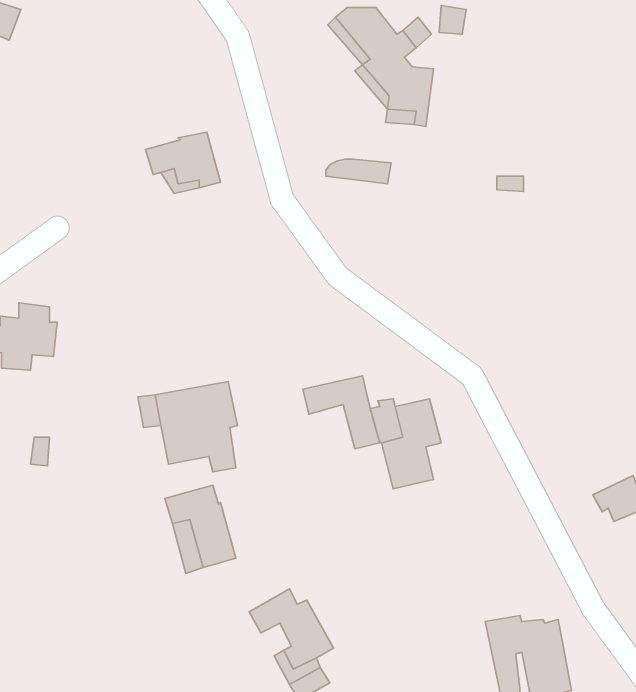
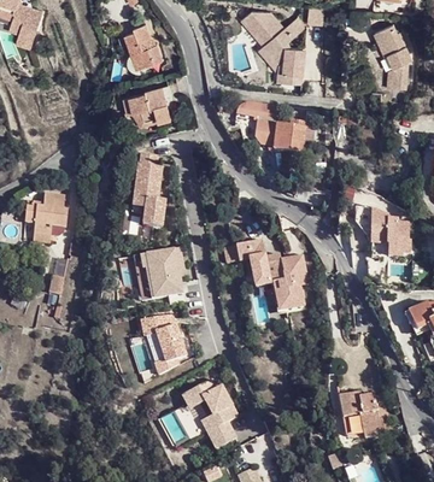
building: none -> [125,23,162,67]
building: none -> [374,25,410,90]
building: none -> [274,120,316,152]
building: none -> [129,154,166,234]
building: none -> [369,210,412,258]

